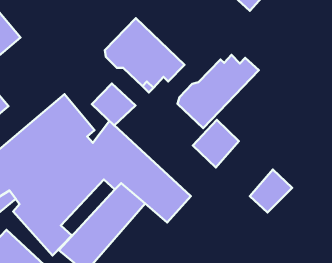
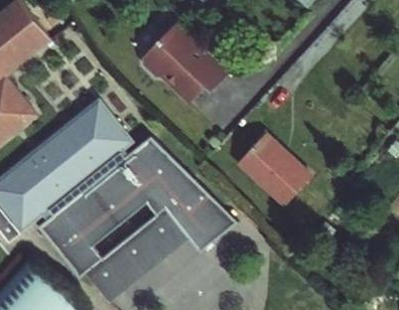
building: [177,55,259,128] -> none
building: [92,83,135,125] -> none
building: [250,170,292,213] -> [263,157,309,204]

